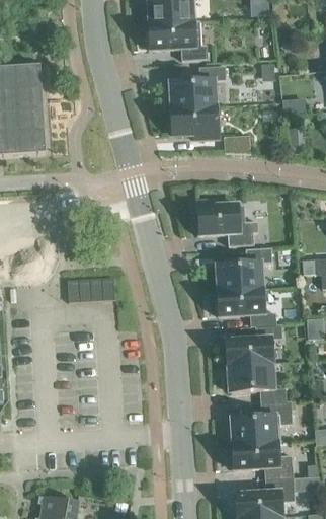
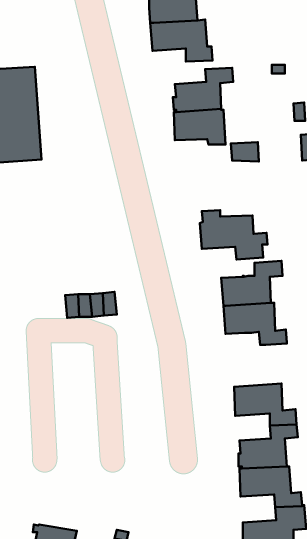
building: [225,324,281,365] -> none

